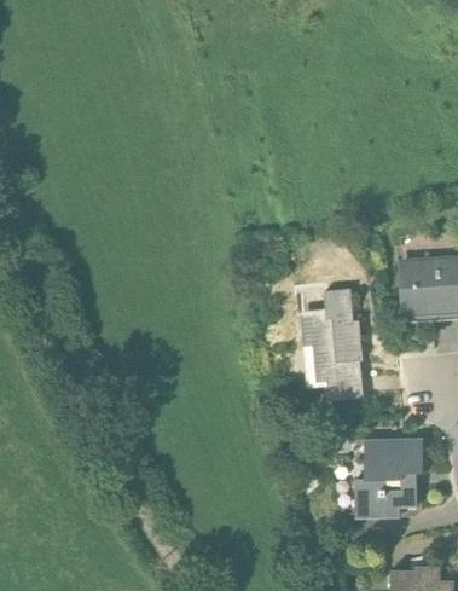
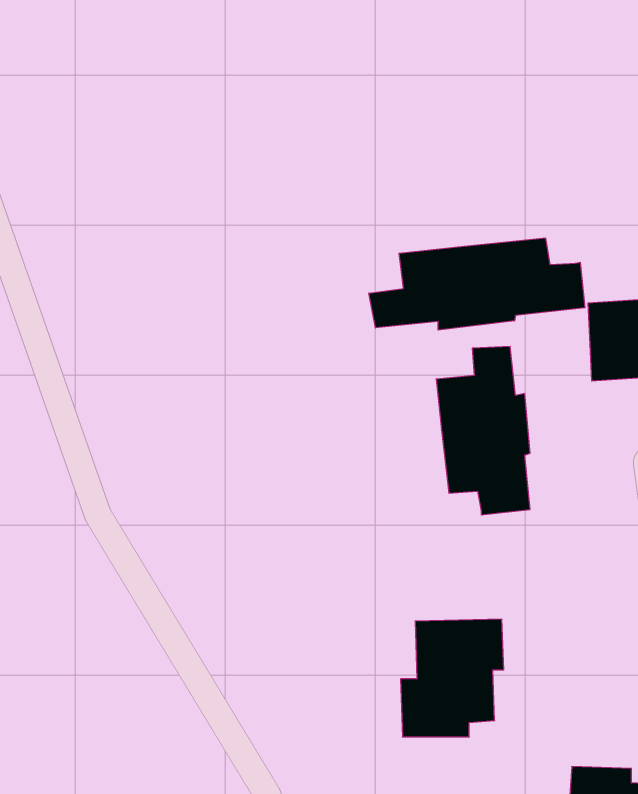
building: none -> [369,238,585,330]
building: [355,439,424,517] -> [401,619,504,737]

